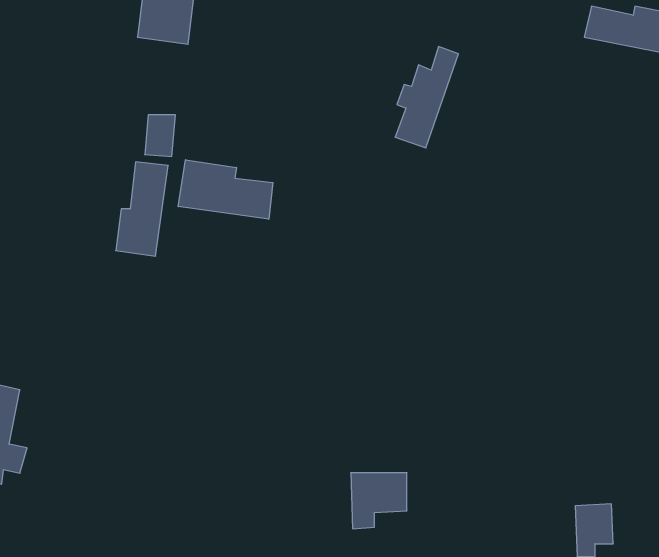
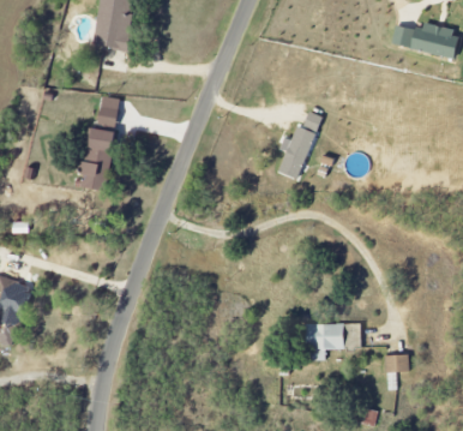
building: [395,47,458,148] -> [278,110,320,178]
building: [178,160,273,219] -> none
building: [351,473,407,529] -> [307,323,344,360]

